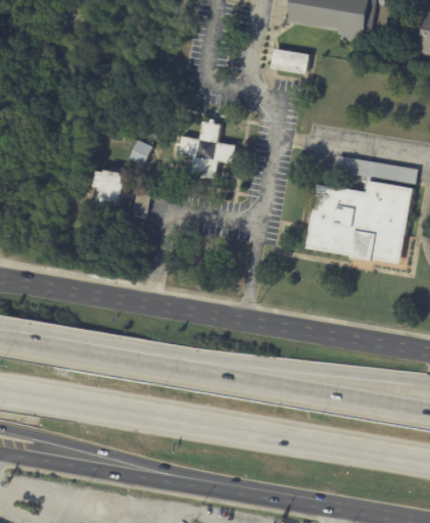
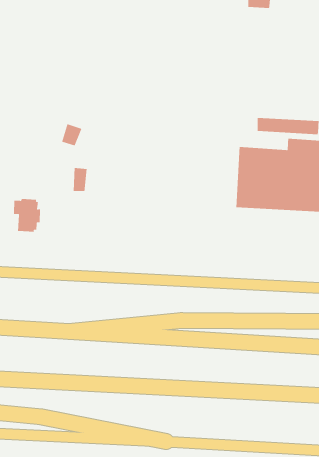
building: [269,48,308,74] -> none
building: [181,121,245,179] -> none
building: [95,170,125,207] -> [13,198,41,232]

